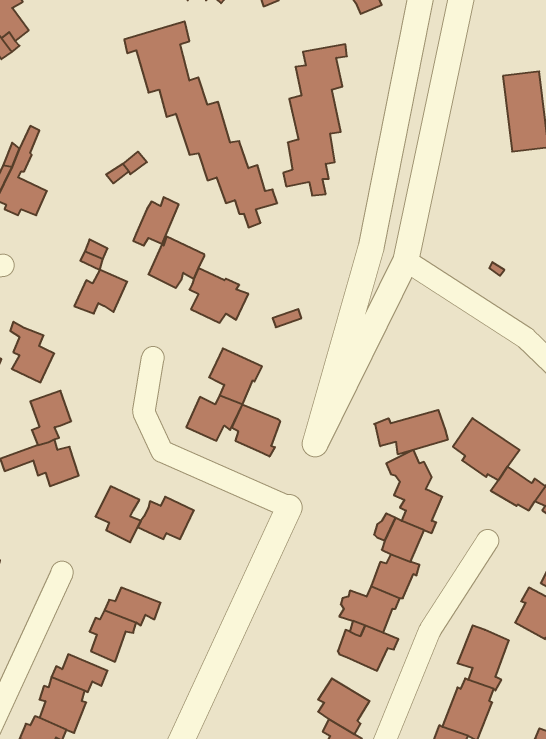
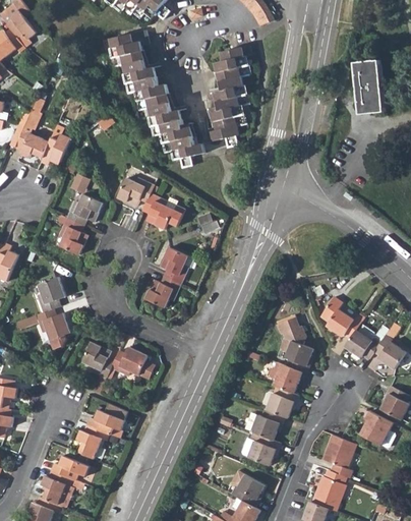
building: [133,197,179,246] -> [39,133,69,166]
building: [10,322,54,382] -> [57,215,86,255]
building: [232,404,280,457] -> none
building: [374,410,448,454] -> none

